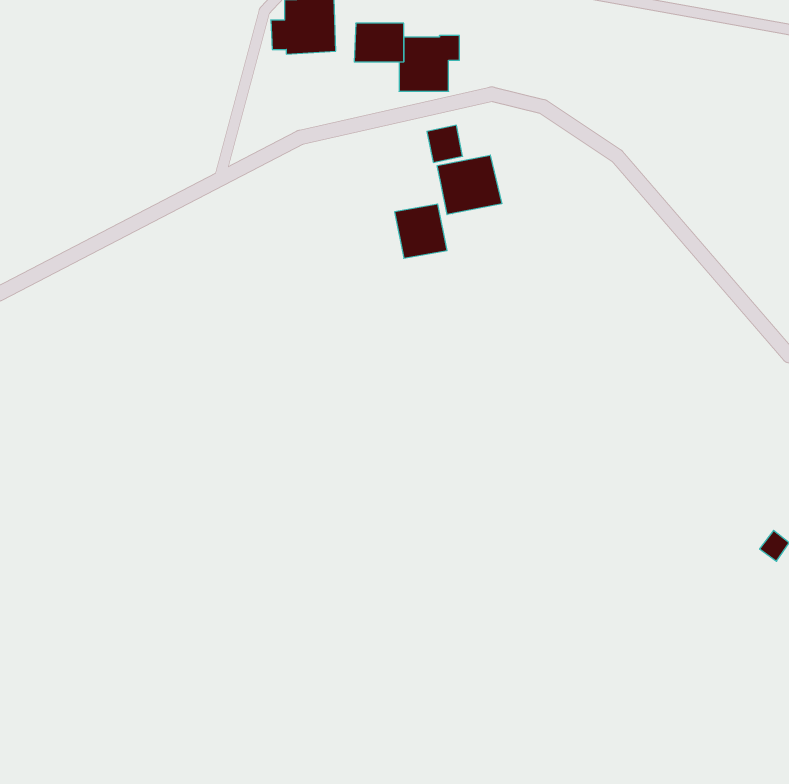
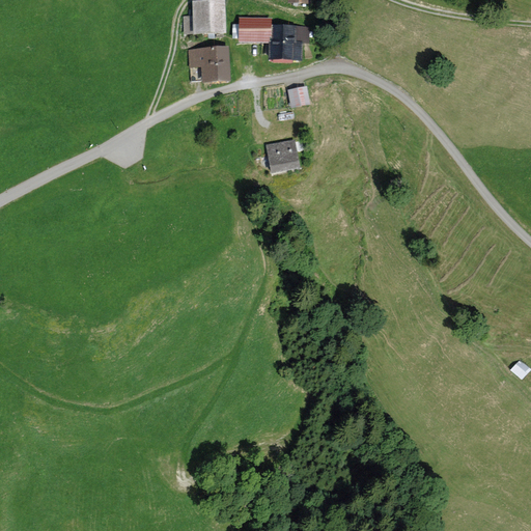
building: none -> [187,47,229,82]
building: [437,155,502,215] -> none

